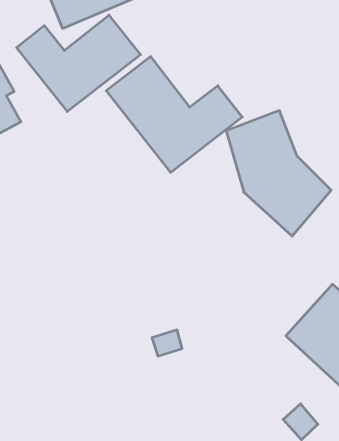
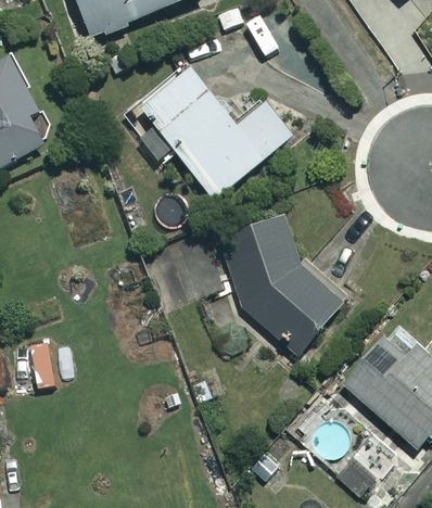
building: [17,15,141,112] -> none
building: [226,111,331,236] -> [223,215,340,355]

